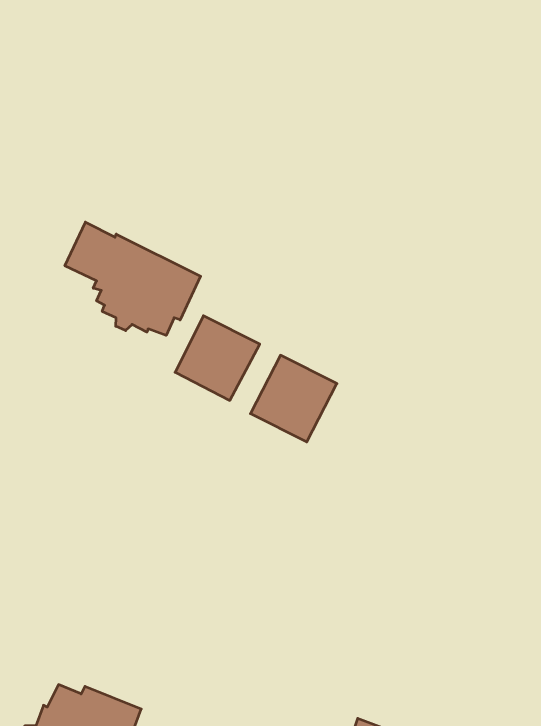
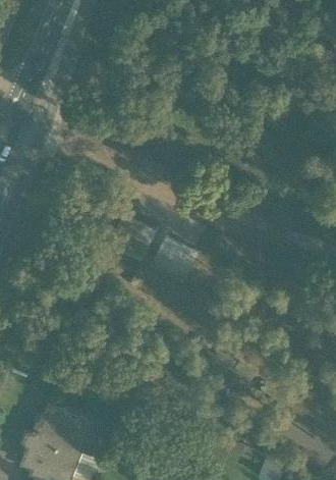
building: [65,222,201,335] -> none

